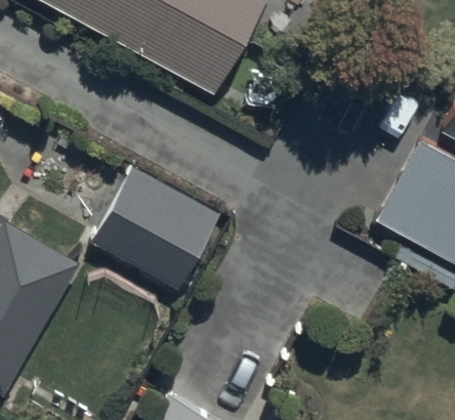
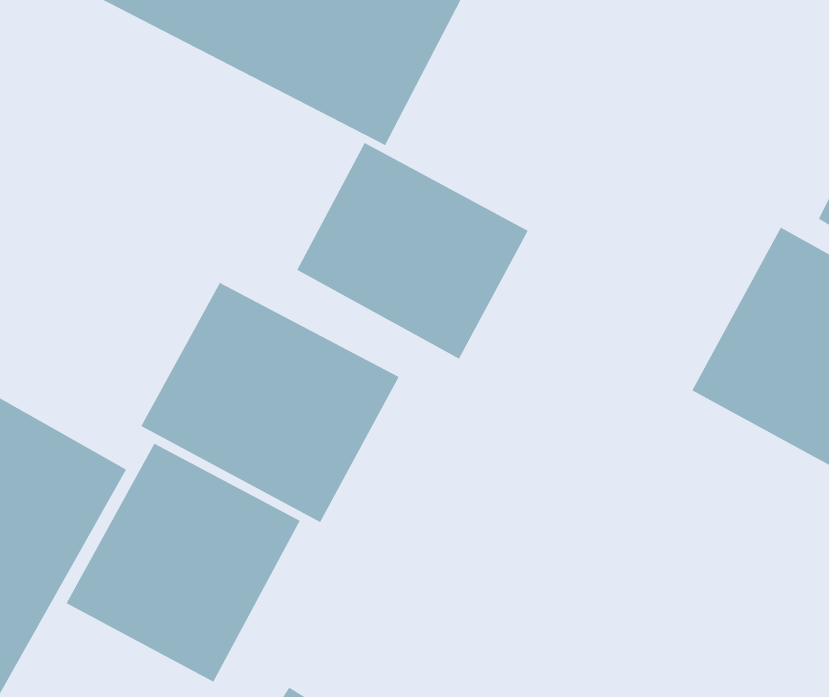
building: none -> [297,142,528,359]
building: none -> [66,443,301,683]

